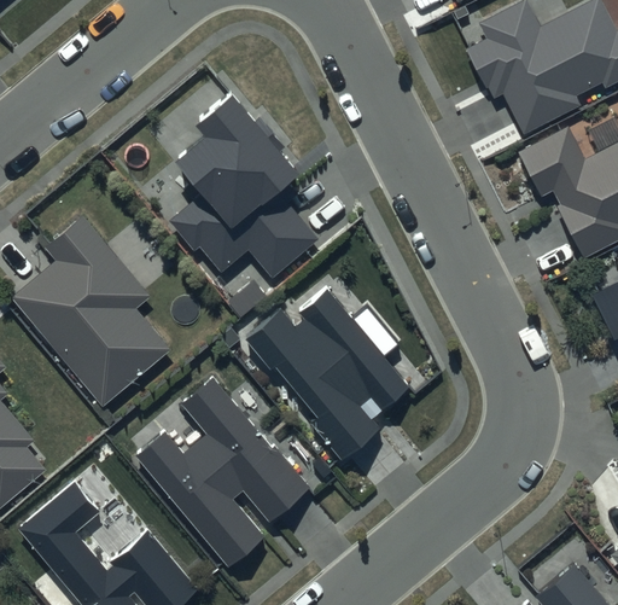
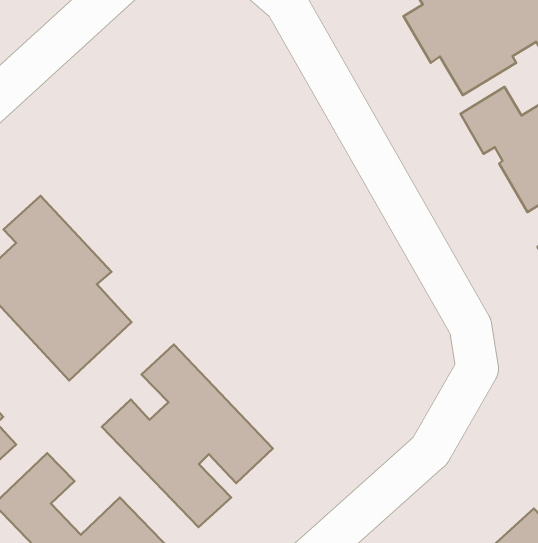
building: [168,87,317,274] -> none
building: [244,286,413,461] -> none

